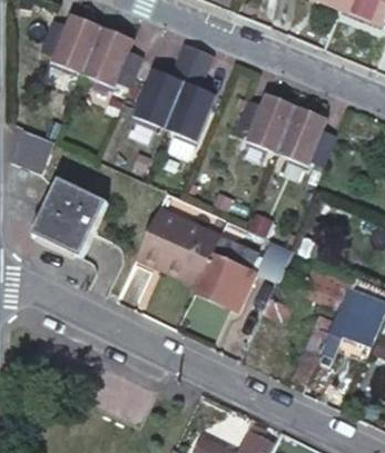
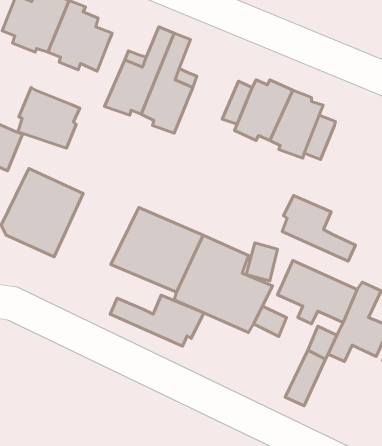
building: none -> [18,87,80,148]
building: none -> [282,196,356,261]
building: none -> [110,295,204,346]

